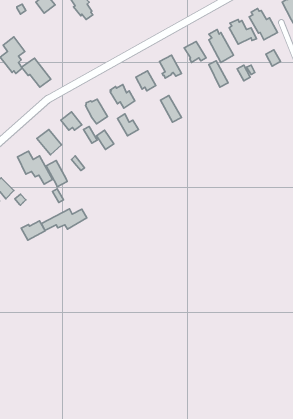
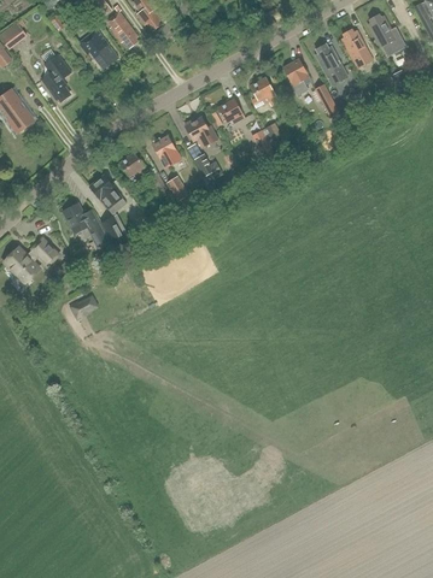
building: none -> [106,10,137,47]
building: [22,58,51,87] -> [78,29,117,67]
building: [42,209,87,230] -> none

